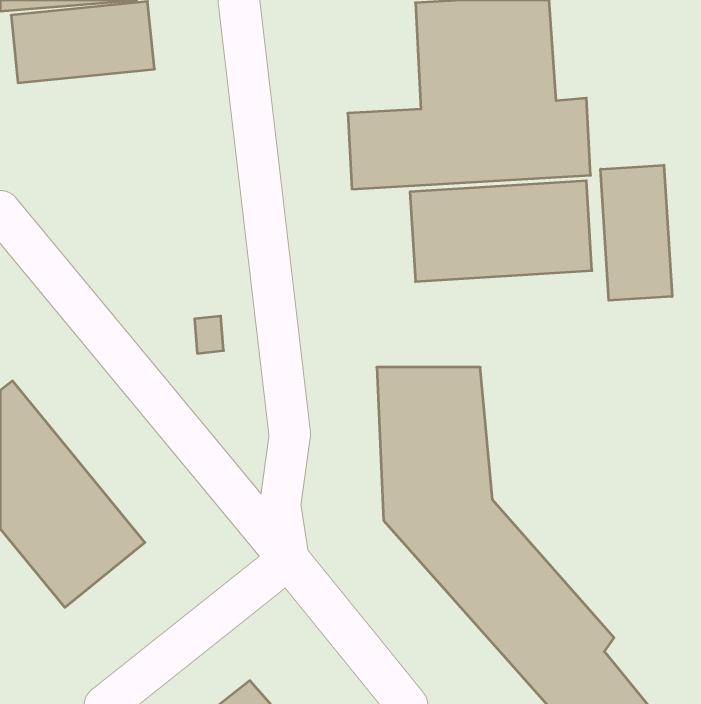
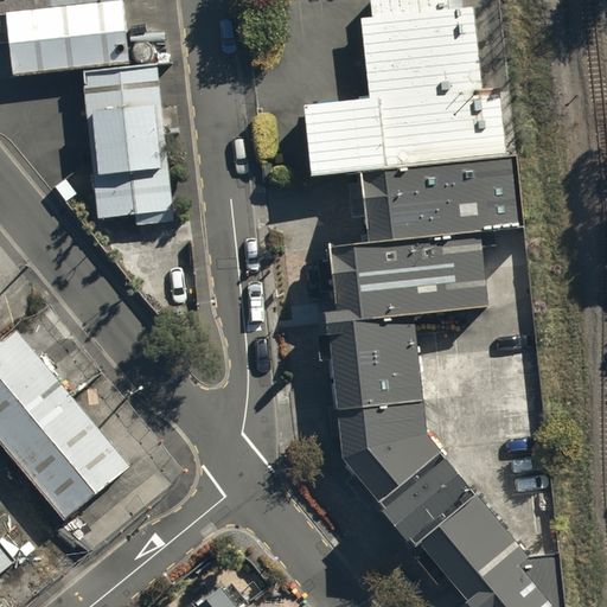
building: none -> [84,66,168,224]
building: [601,165,672,300] -> none
building: none -> [331,237,487,314]

